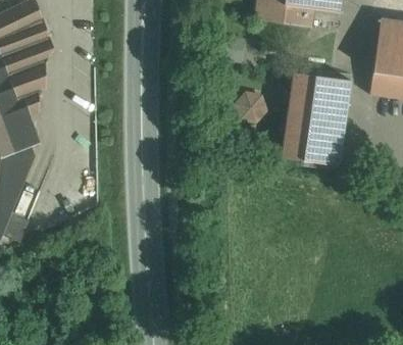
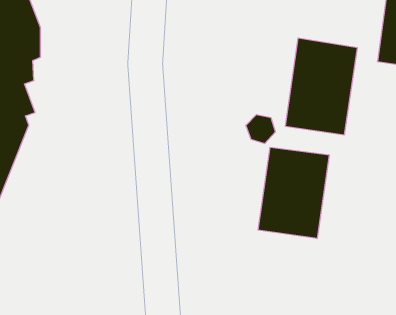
building: [237,94,265,121] -> [246,115,275,143]
building: none -> [258,147,329,239]

